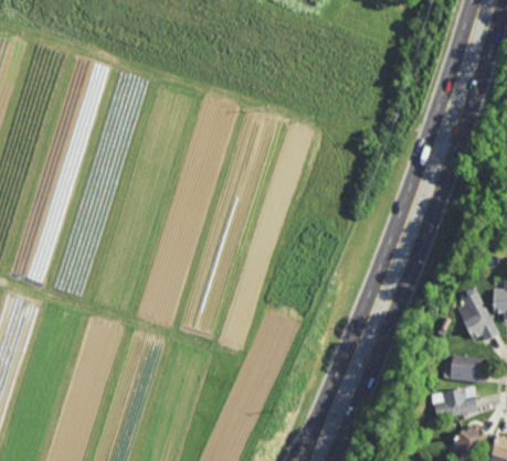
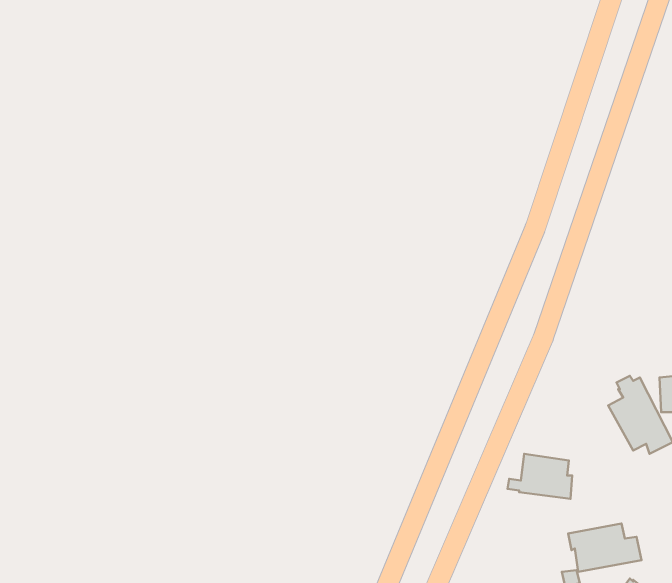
building: [443,353,486,383] -> [508,454,572,499]

